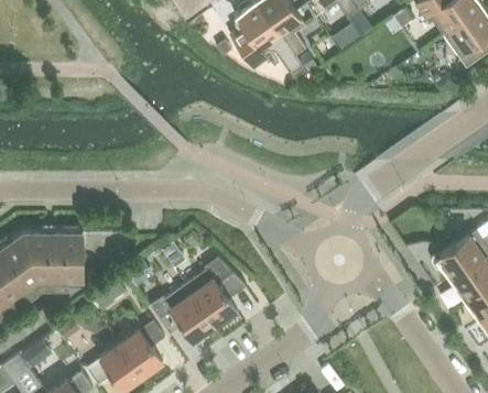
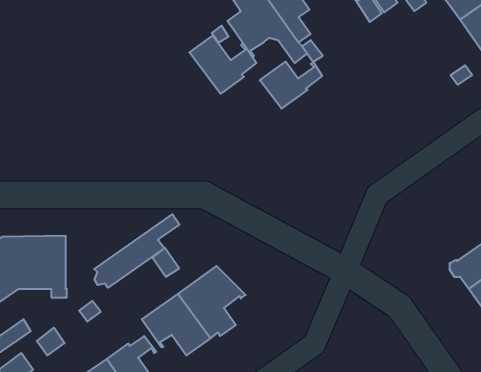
building: none -> [189,36,256,94]
building: none -> [260,61,322,109]
building: none -> [94,214,179,288]

